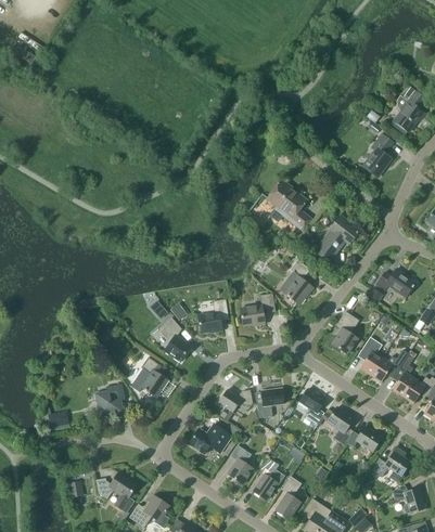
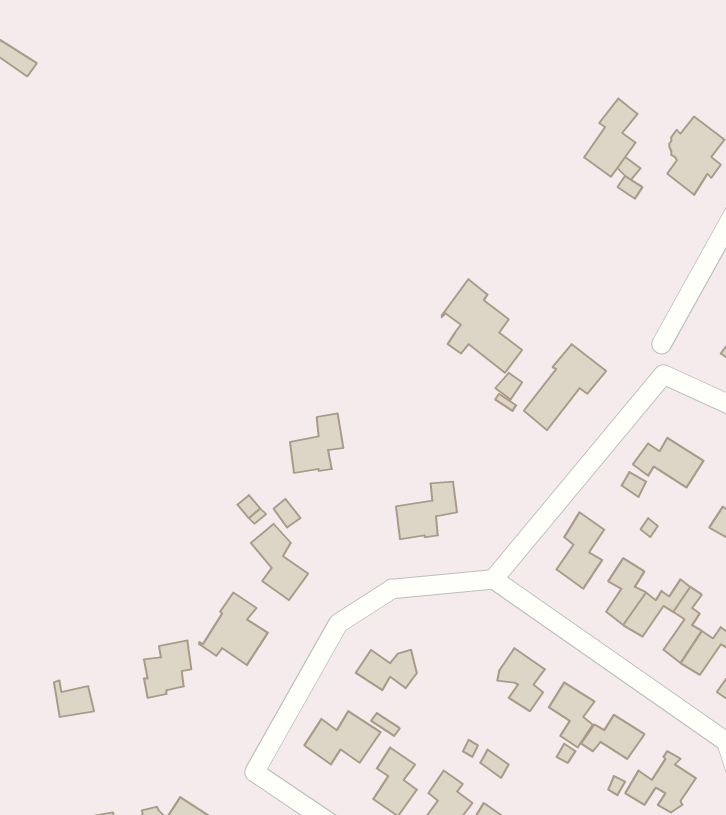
building: [362,133,393,178] -> [584,98,638,177]
building: [280,260,314,304] -> none
building: [199,299,229,333] -> [290,413,343,473]
building: [257,388,283,417] -> none

